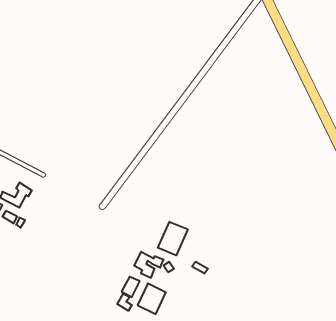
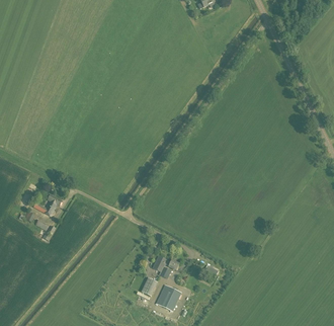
building: [158,222,188,255] -> none

